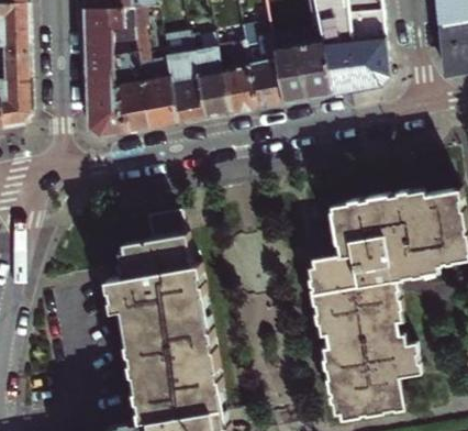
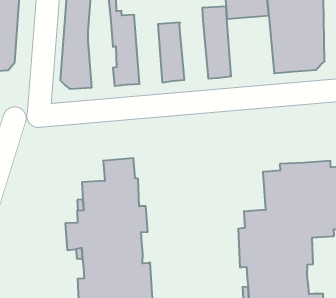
building: [270,31,332,106] -> none
building: [161,36,203,125] -> none
building: [216,44,256,115] -> none
building: [111,52,148,135] -> none

